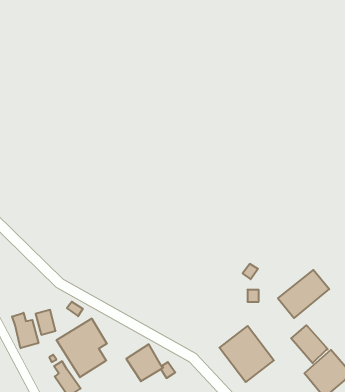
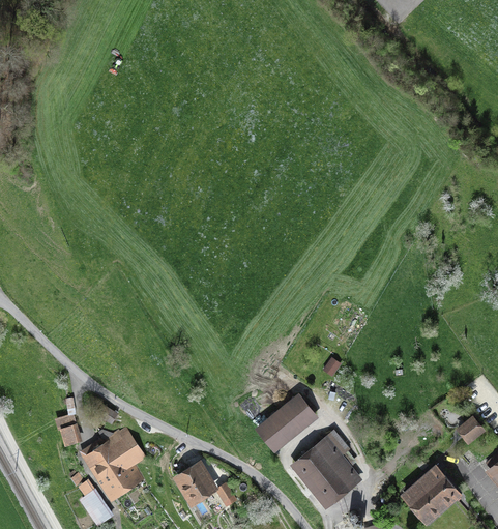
building: [278,270,329,318] -> [259,396,325,459]
building: [12,313,38,348] -> none
building: [291,325,328,363] -> none

